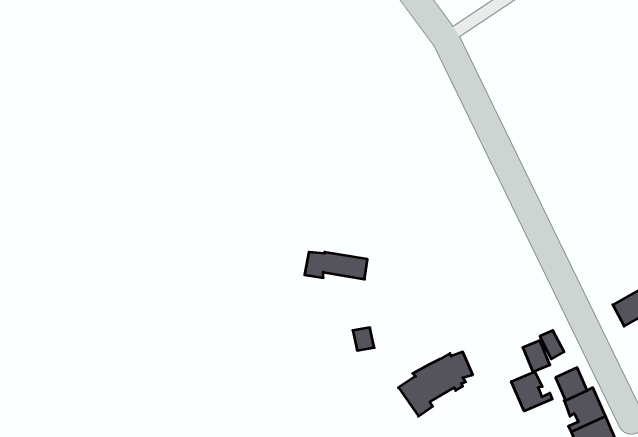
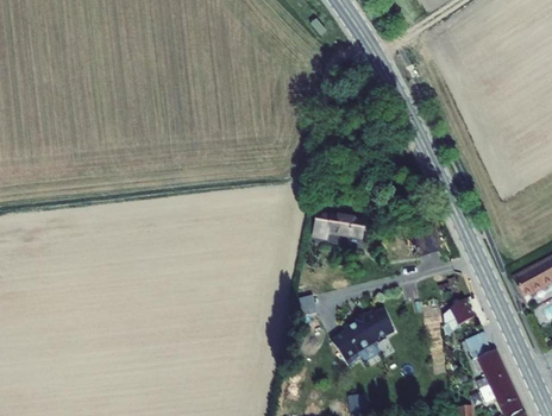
building: [305,252,367,279] -> [312,215,364,238]
building: [511,371,552,411] -> none

